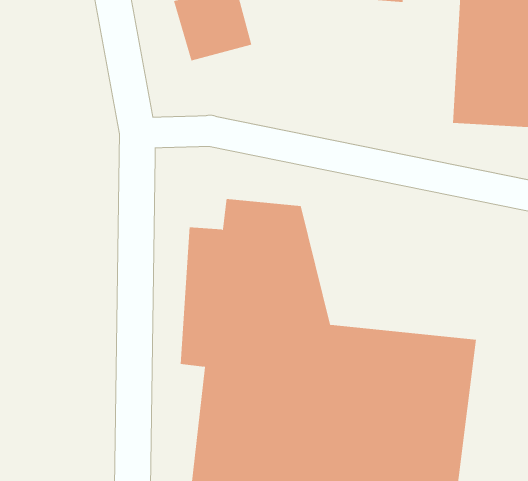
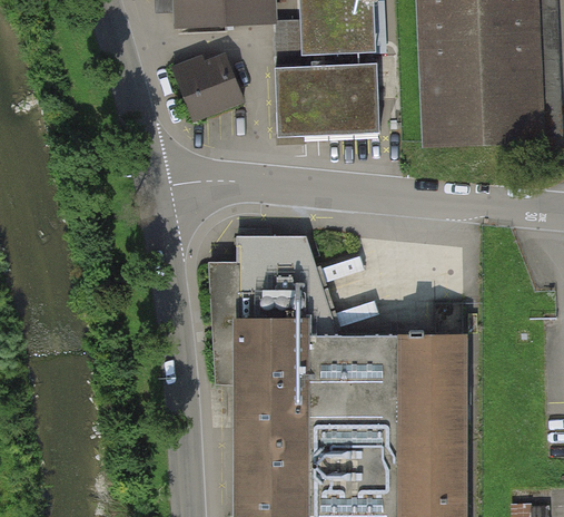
building: none -> [277,65,383,138]

